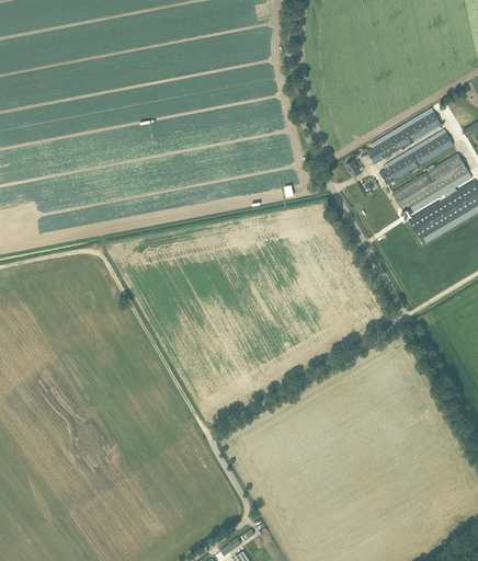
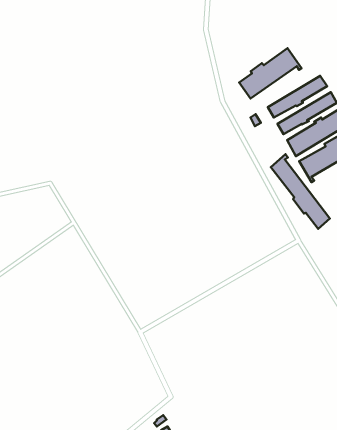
building: none -> [239,48,301,98]
building: none -> [271,154,330,229]

